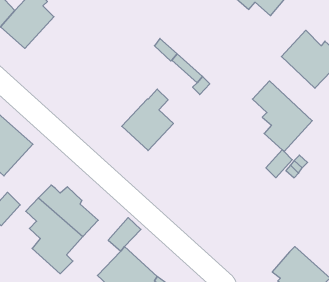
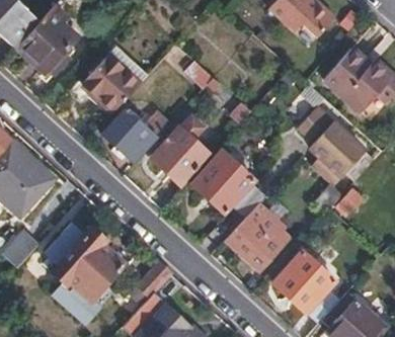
building: none -> [82,55,139,112]
building: none -> [103,110,170,163]
building: none -> [192,151,254,213]
building: none -> [229,205,290,270]
building: none -> [273,251,339,323]

